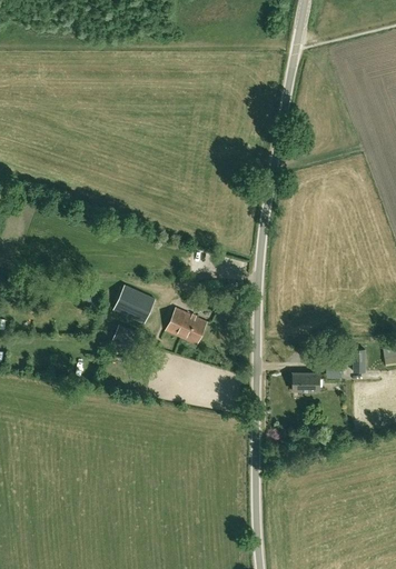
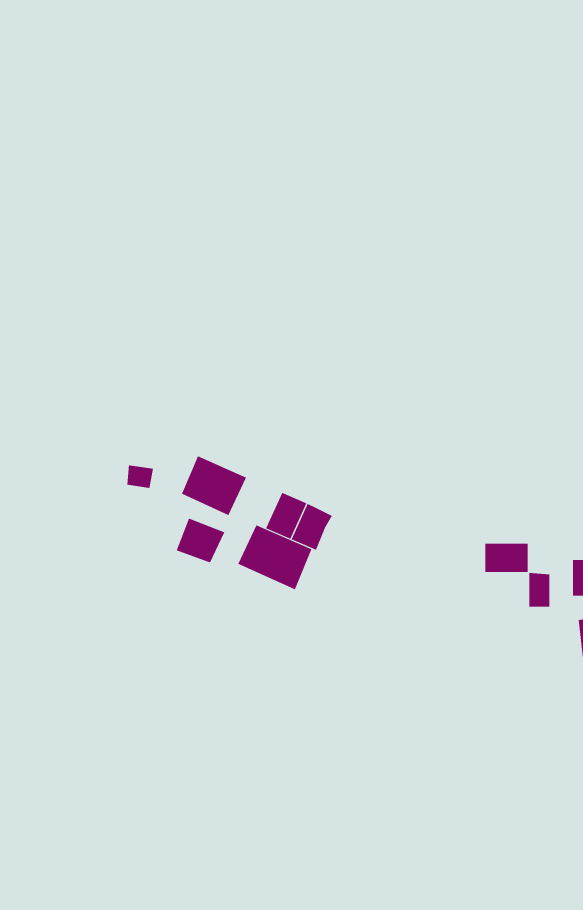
building: none -> [237,525,312,590]
building: [293,373,319,391] -> [484,543,528,572]

